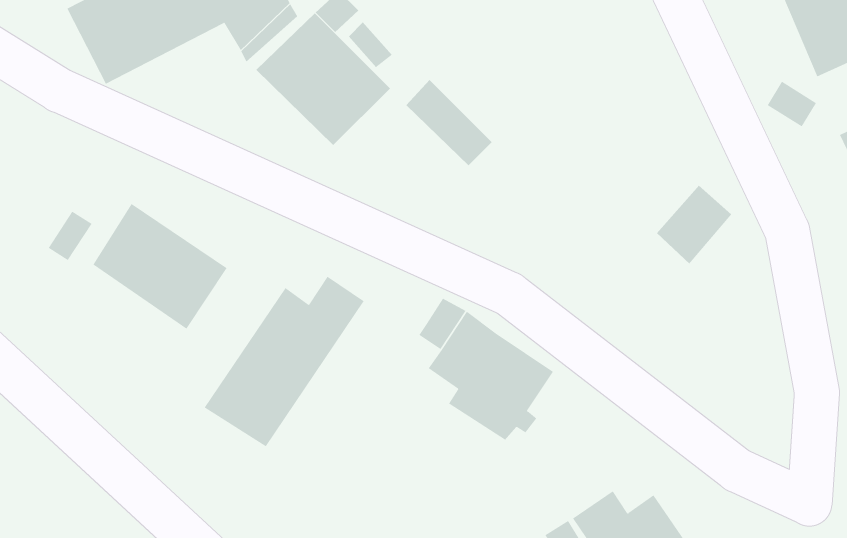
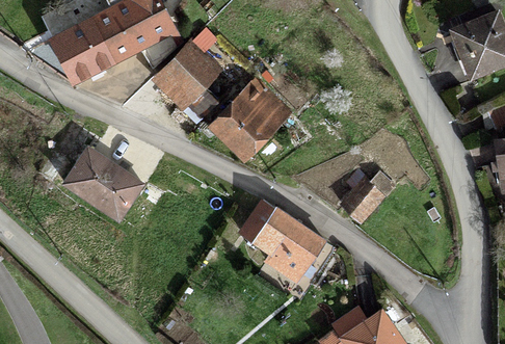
building: none -> [208,92,275,159]
building: [656,185,732,265] -> [342,178,384,222]
building: [204,276,364,447] -> none

